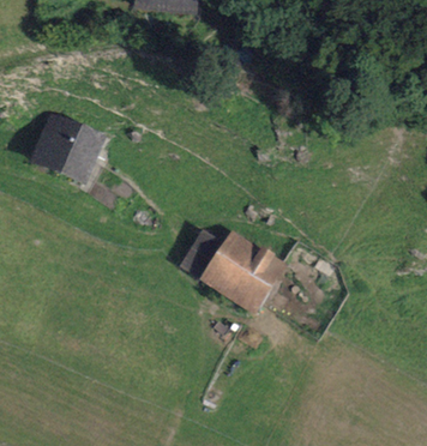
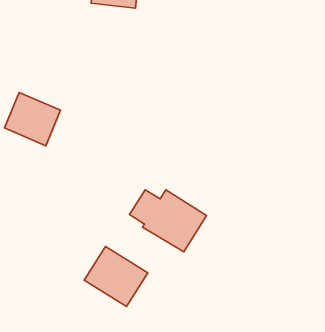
building: none -> [84,247,148,306]

